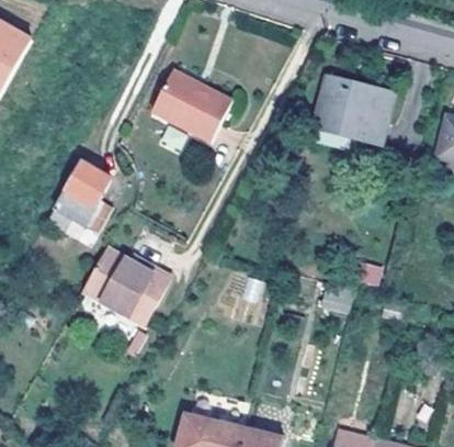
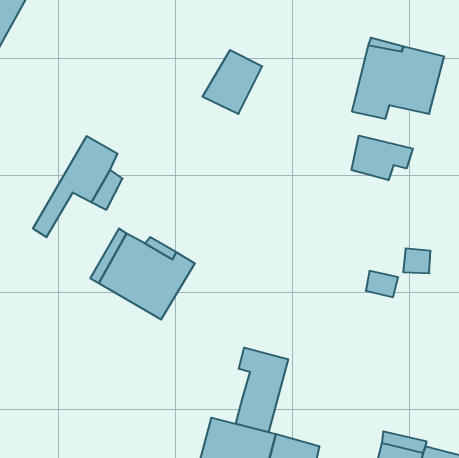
building: [154,71,205,127] -> none
building: none -> [352,136,413,180]
building: none -> [236,348,288,432]

